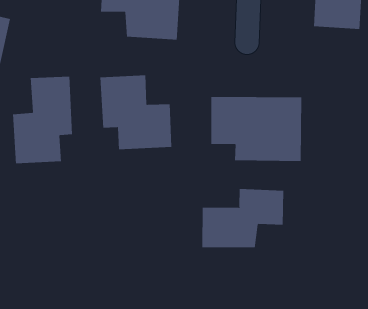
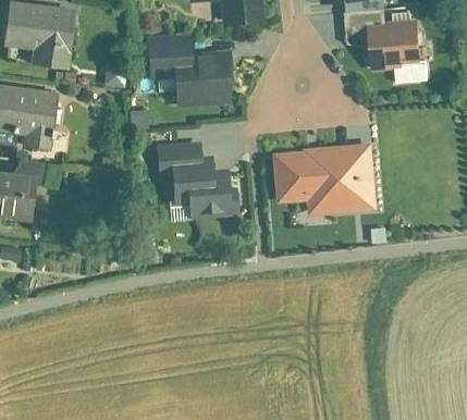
building: [13,76,73,164] -> none
building: [202,188,284,248] -> none

